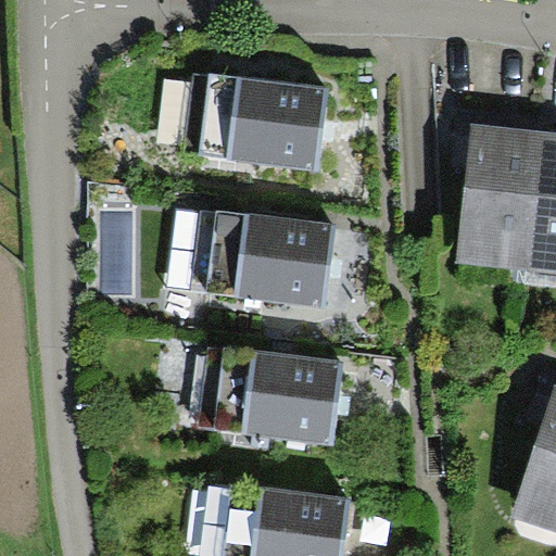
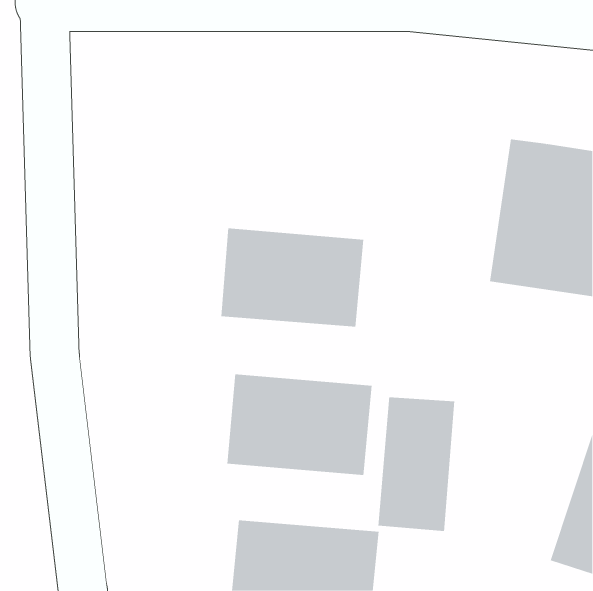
building: [203,76,333,172] -> none
building: none -> [378,396,455,532]

